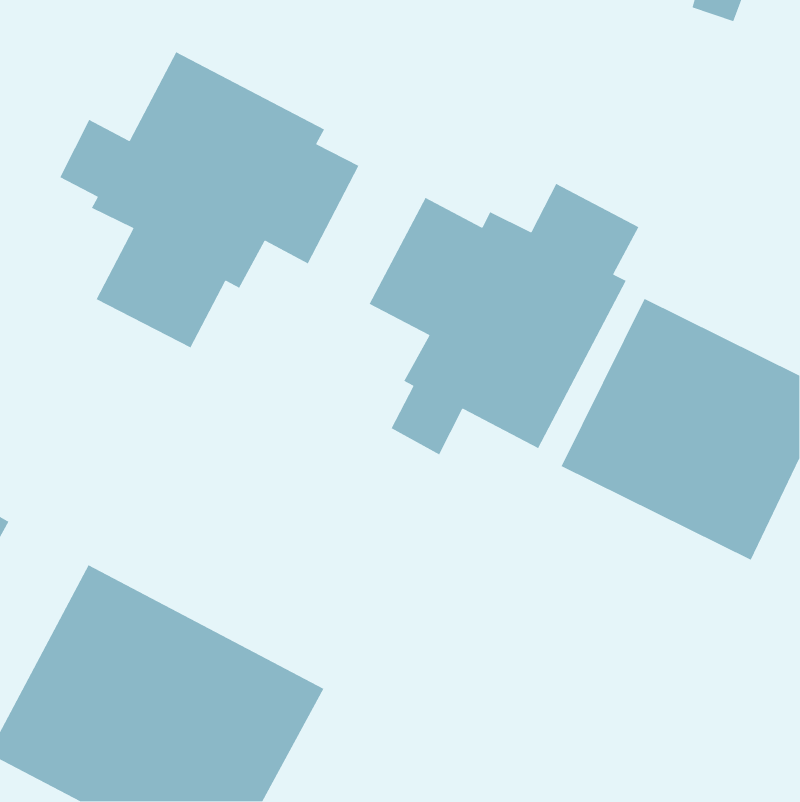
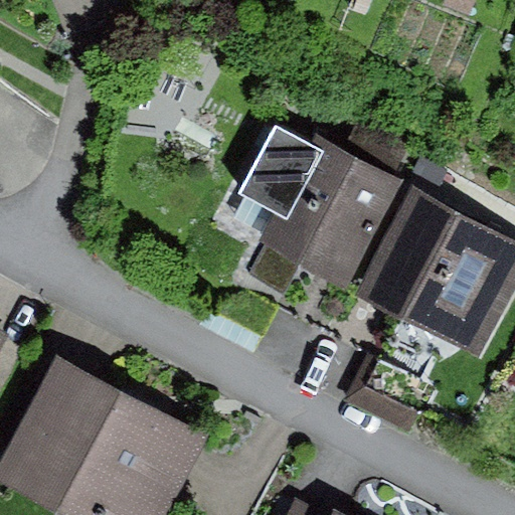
building: [59,51,360,349] -> none

